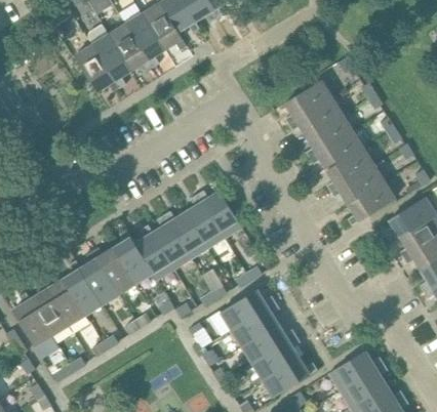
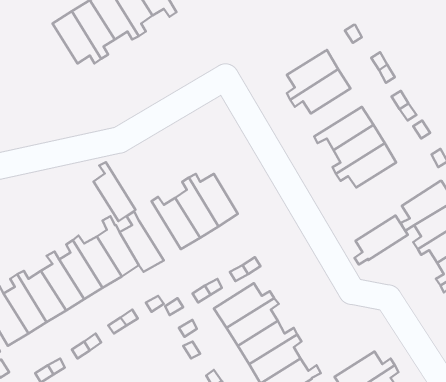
building: [306,114,353,157] -> none
building: [347,180,395,224] -> [354,216,408,265]
building: [152,215,190,269] -> [93,162,136,221]

